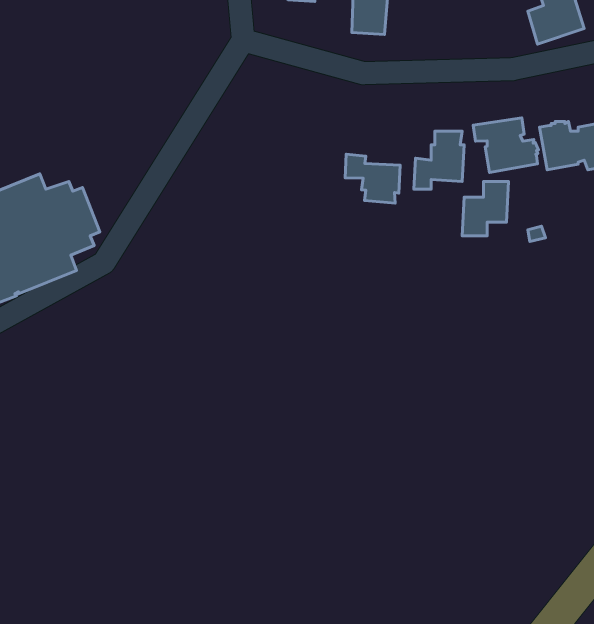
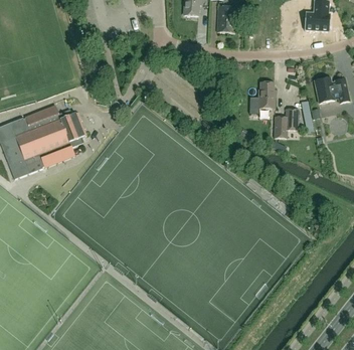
building: [473,118,538,172] -> none
building: [345,154,400,203] -> none

